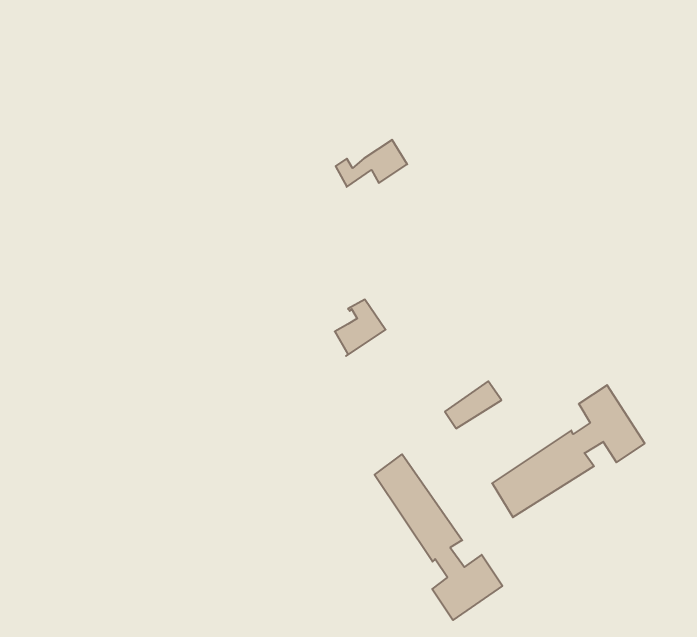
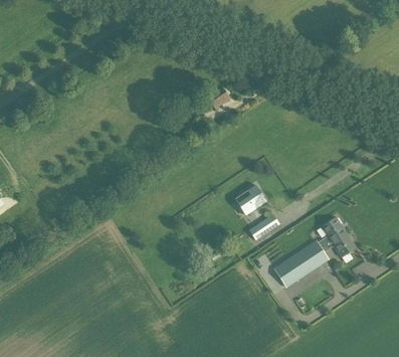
building: [335,300,386,356] -> [238,185,265,215]
building: [375,454,502,620] -> none

